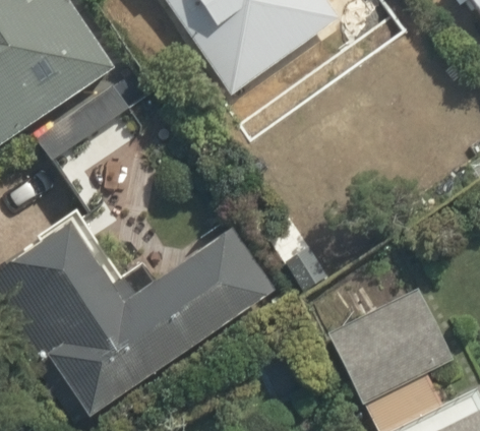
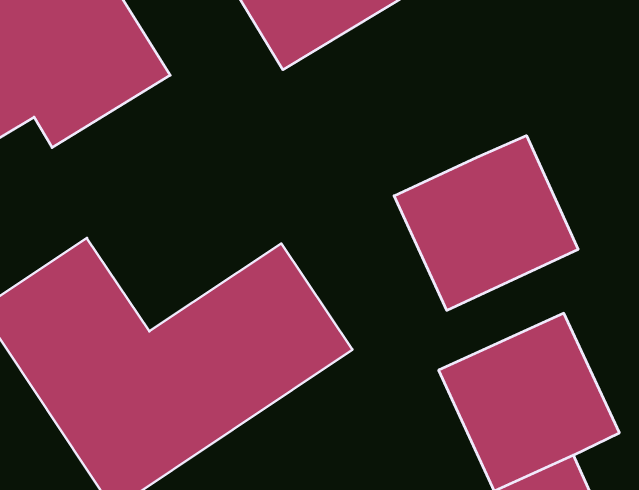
building: none -> [394,136,578,310]

